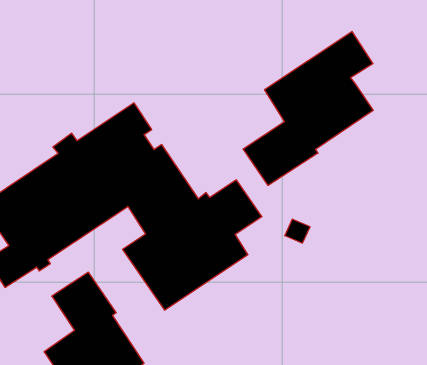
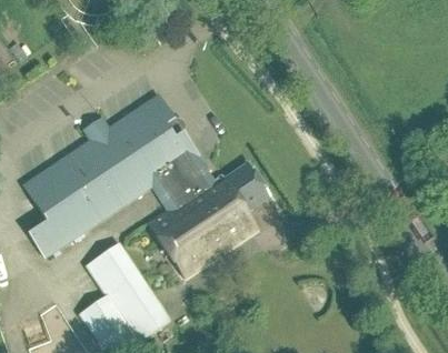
building: [243,31,373,185] -> none

